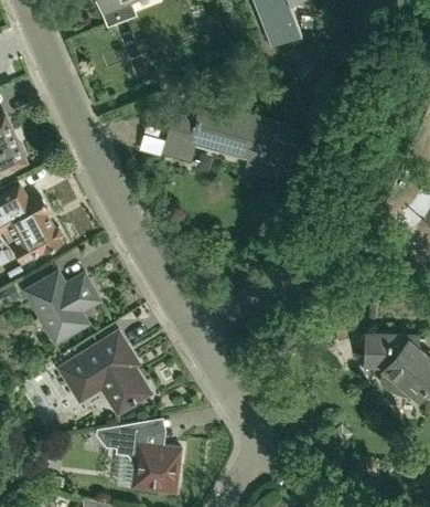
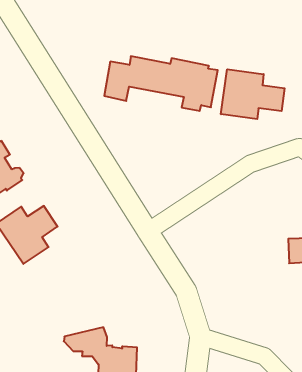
building: none -> [221,69,285,119]
building: [61,334,148,411] -> none

